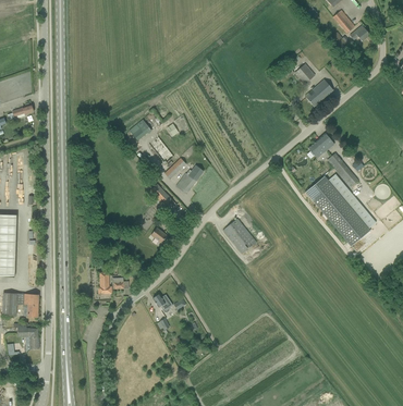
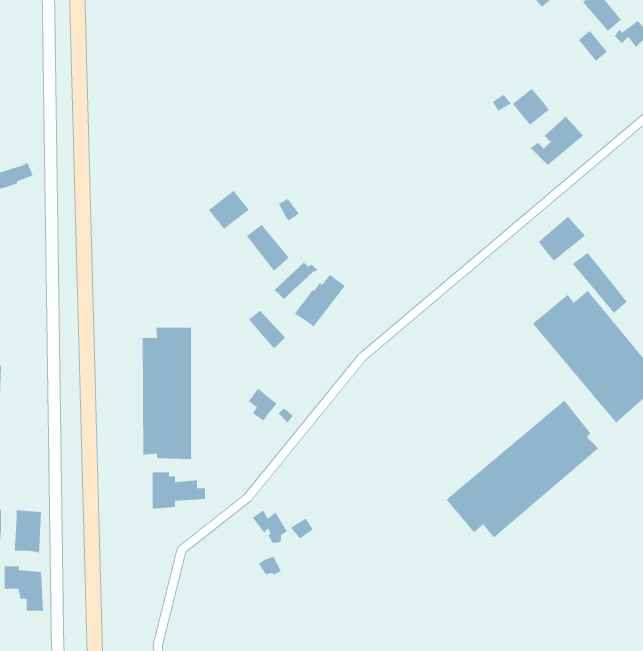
building: none -> [142,327,192,460]
building: [223,219,256,254] -> none
building: none -> [445,399,599,539]

